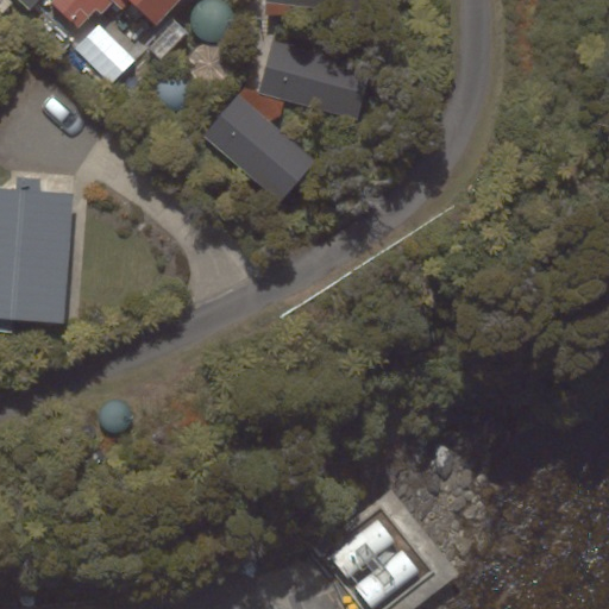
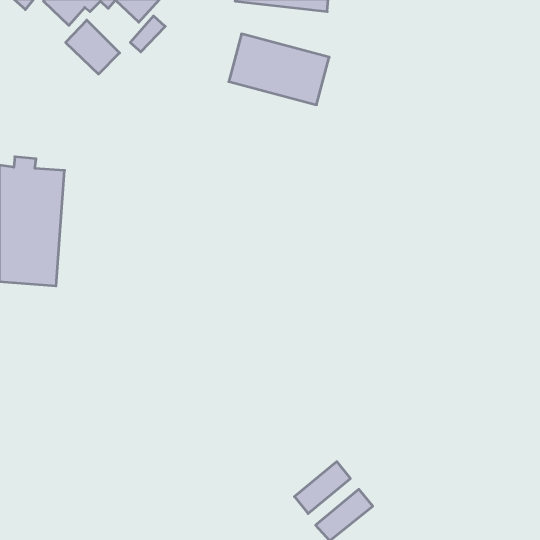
building: [202,93,315,202] -> none

